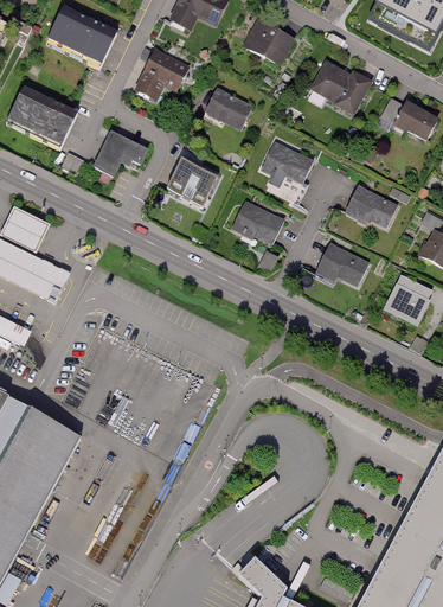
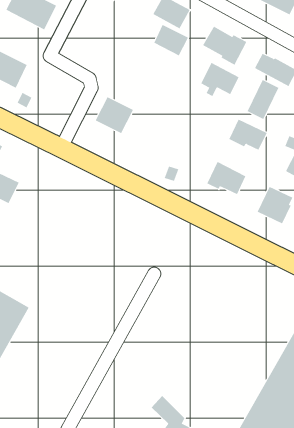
building: [136,49,190,98] -> none
building: [206,87,253,129] -> [153,24,189,56]
building: [95,129,149,175] -> none
building: none -> [247,79,279,120]
building: [262,140,314,186] -> [200,62,239,97]
building: [230,199,285,244] -> none

